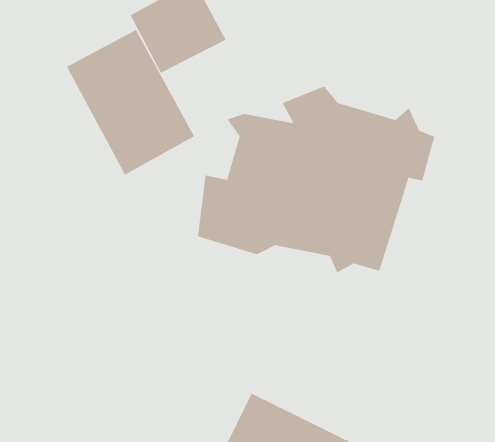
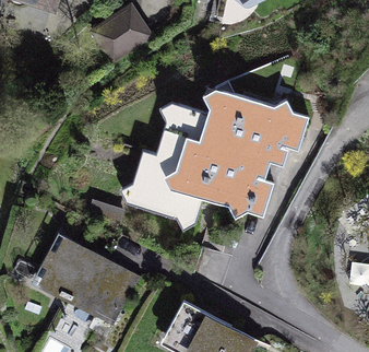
building: [66,29,195,176] -> none
building: none -> [36,238,143,329]

